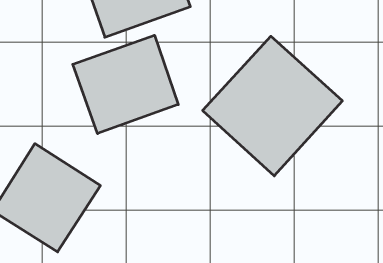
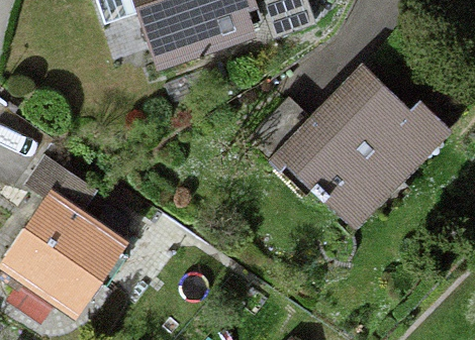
building: [73,35,178,134] -> none

